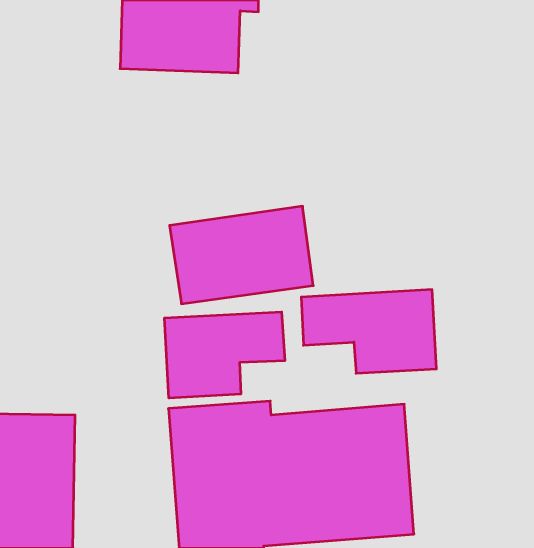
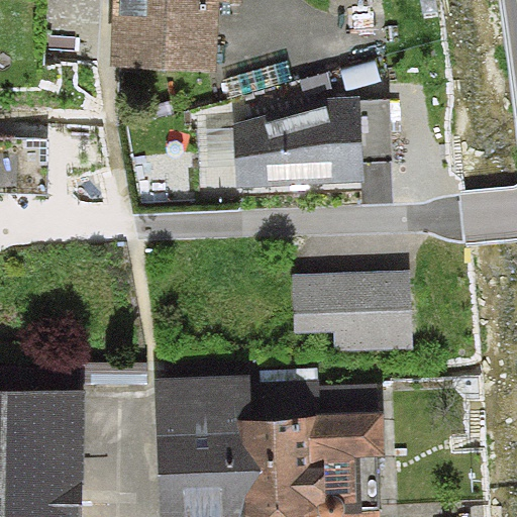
building: [170,206,313,304] -> [223,101,358,193]
building: [165,312,285,398] -> none

